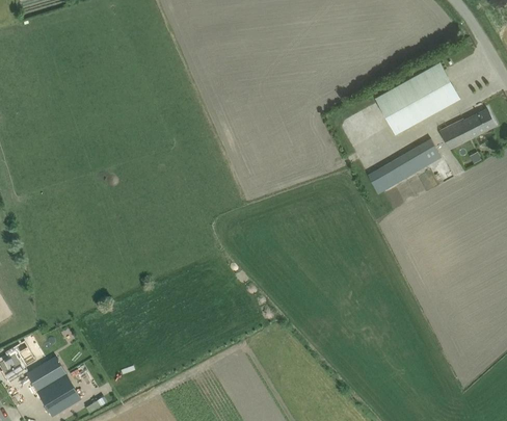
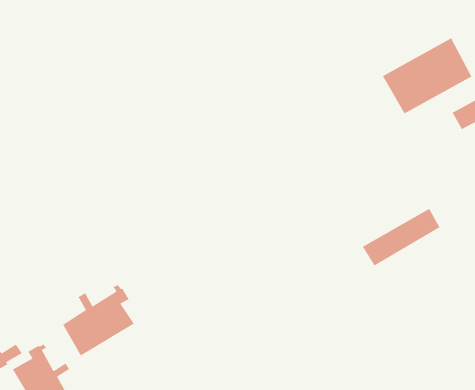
building: [367,138,441,193] -> [362,208,440,266]
building: none -> [62,284,135,357]

